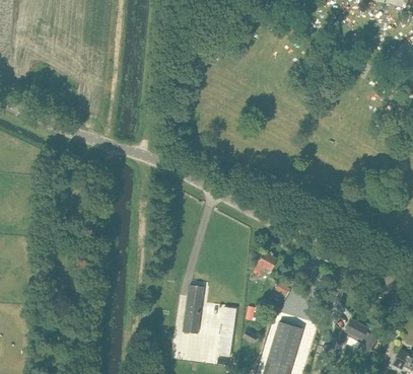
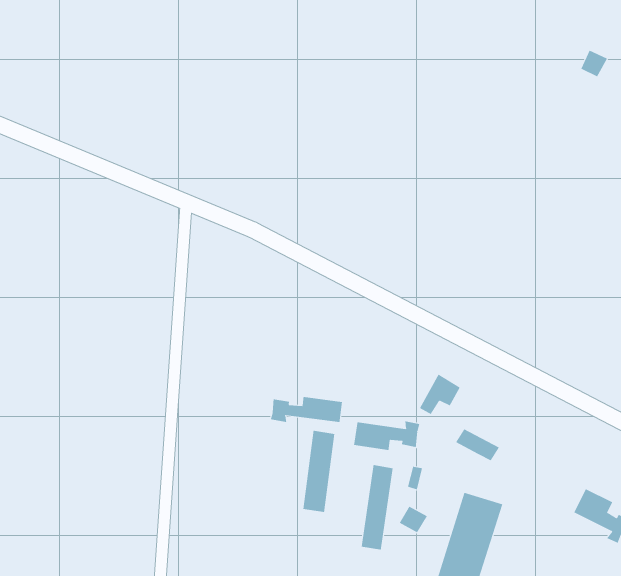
building: none -> [270,396,343,423]
building: none -> [354,421,420,451]

